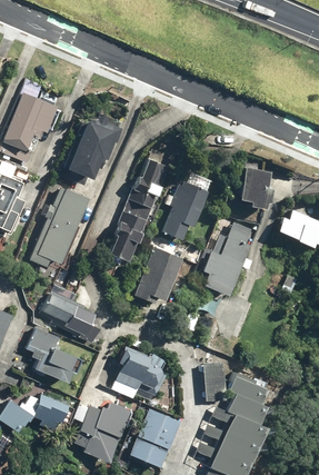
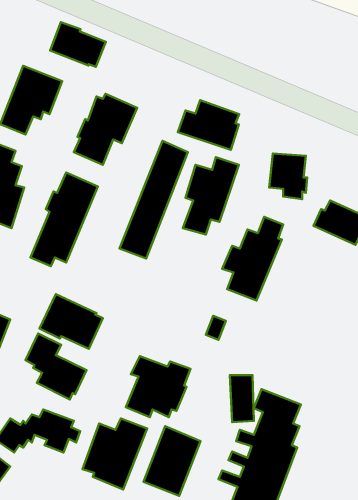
building: none -> [50,22,106,67]
building: none -> [178,100,239,150]
building: [136,246,183,304] -> none

